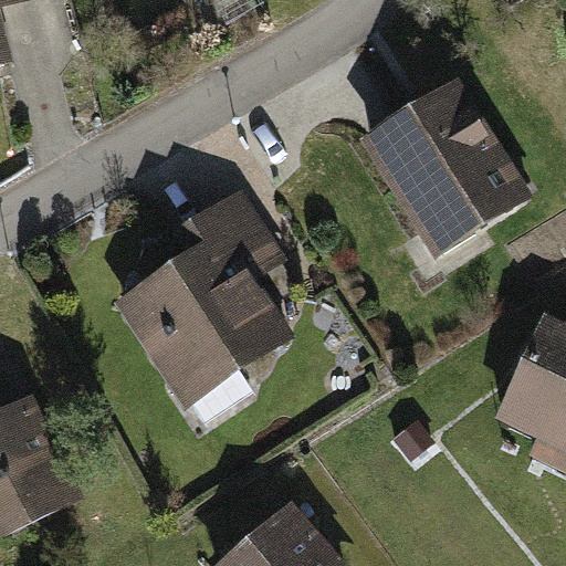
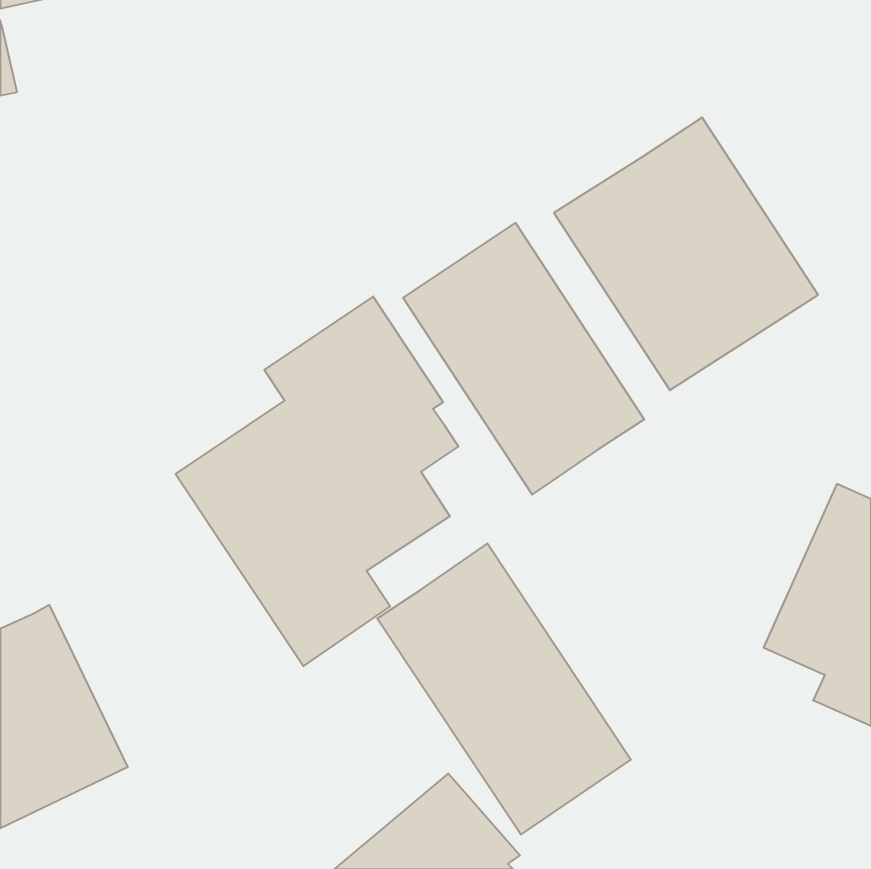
building: none -> [403,223,644,495]
building: none -> [377,543,631,835]

